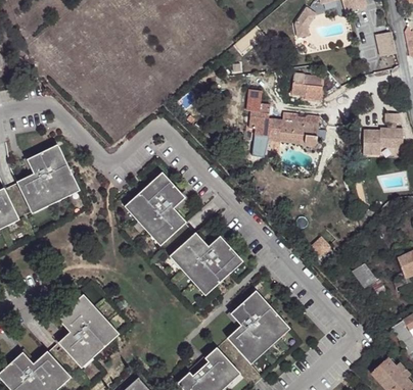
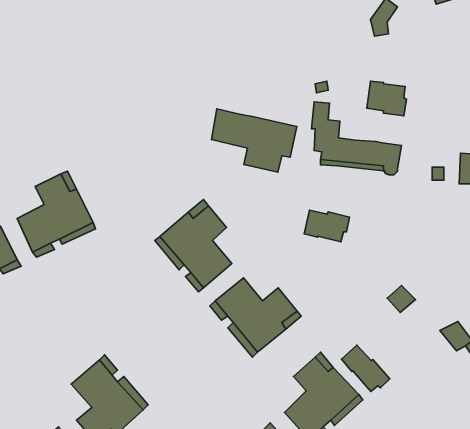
building: none -> [211,109,297,172]
building: none -> [304,210,350,242]
building: none -> [341,345,390,391]

